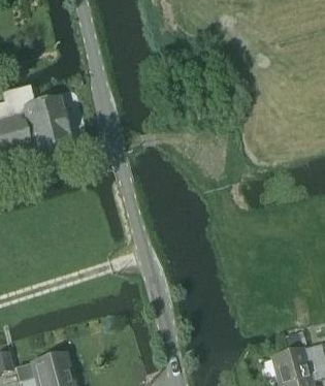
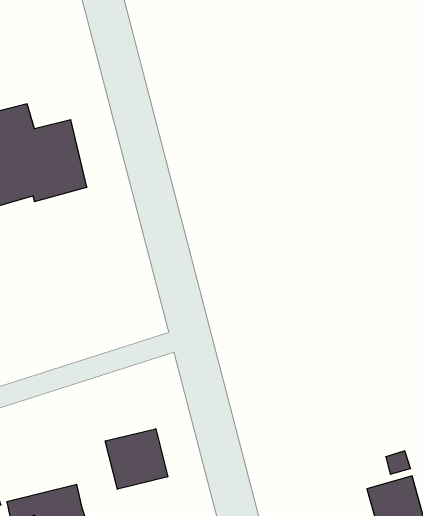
building: none -> [105,429,168,489]

